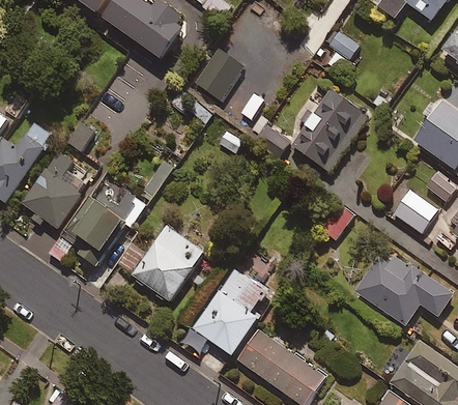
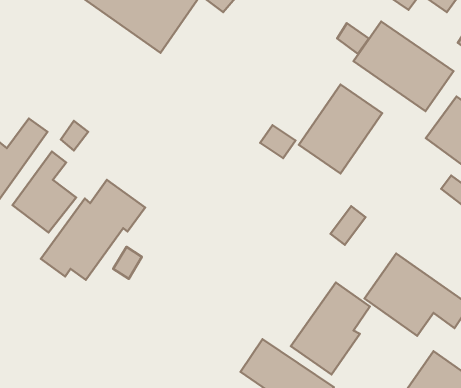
building: none -> [353,21,453,111]
building: [192,48,244,103] -> none
building: [392,190,436,233] -> none
building: [131,225,203,302] -> none
building: [193,267,267,354] -> [291,282,370,375]

